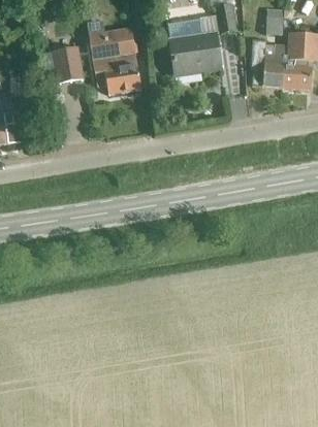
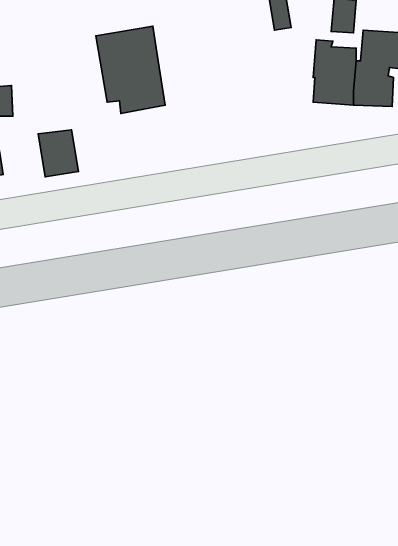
building: [168,20,222,84] -> none
building: [54,48,84,84] -> [38,130,78,177]

